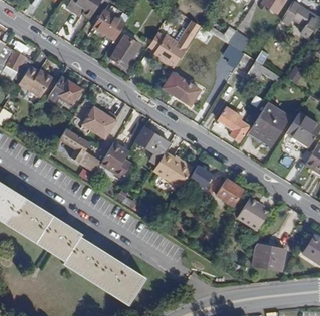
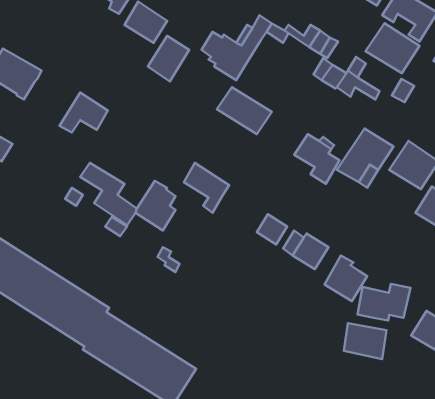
building: none -> [365,23,420,73]
building: [18,68,52,97] -> none
building: [83,107,115,137] -> none
building: [153,151,191,187] -> none
building: none -> [358,284,410,320]

